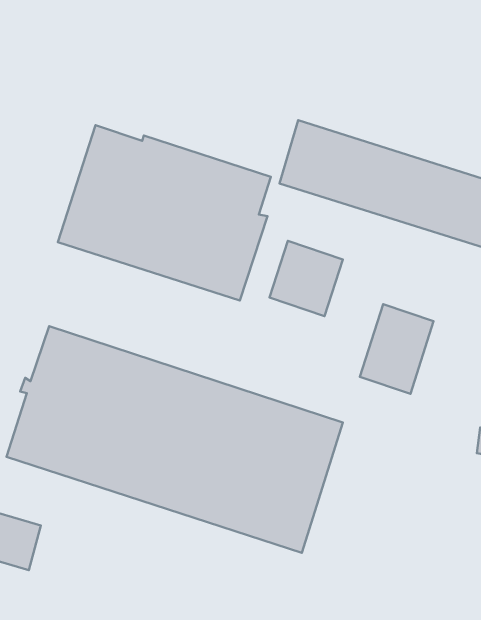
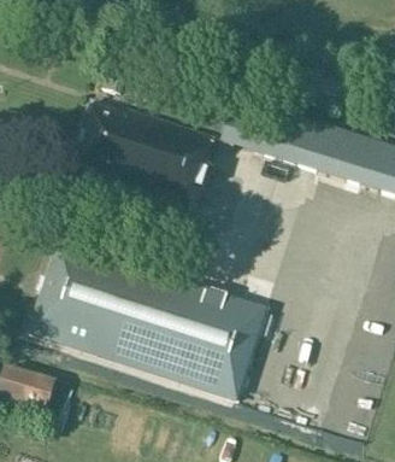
building: [269,241,343,316] -> none
building: [360,304,434,394] -> none

